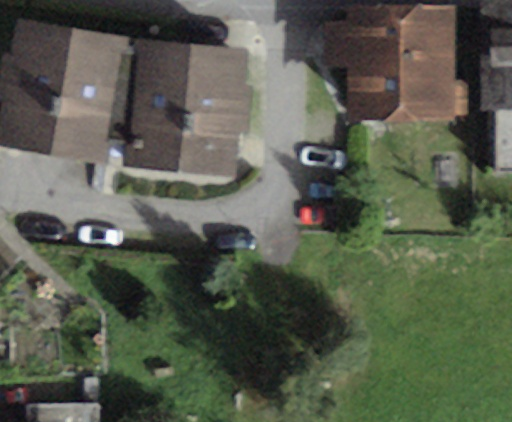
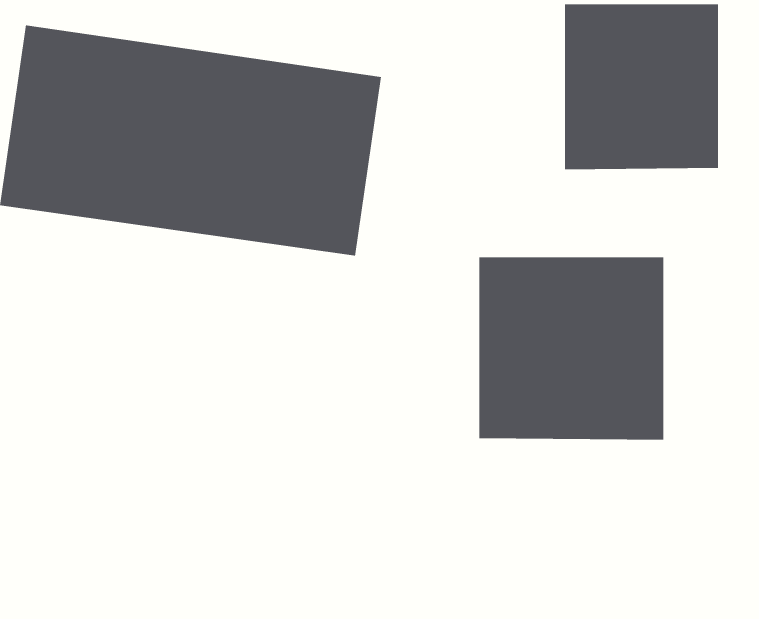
building: none -> [479,256,664,441]

